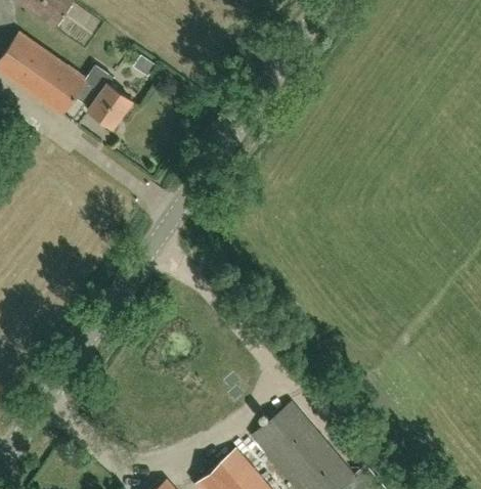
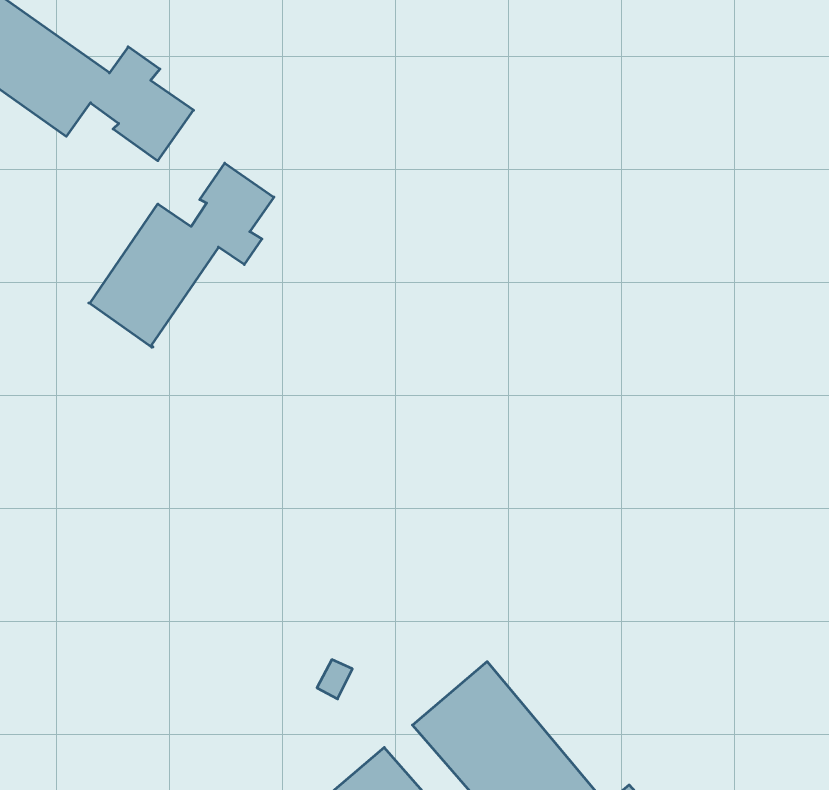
building: none -> [89,163,274,347]

